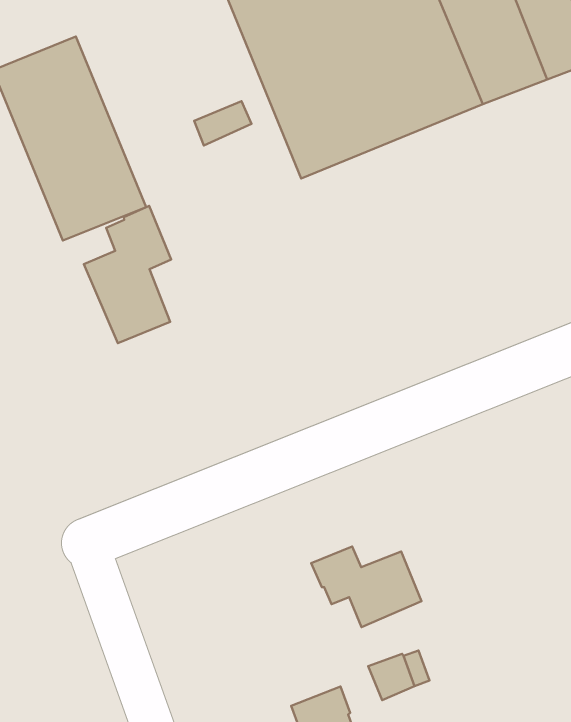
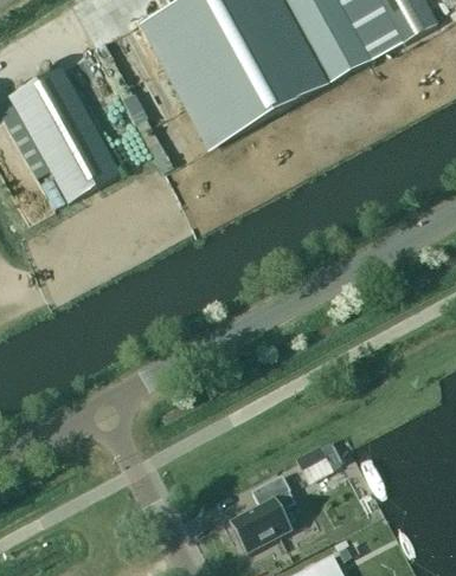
building: [84,206,171,343] -> none
building: [311,546,422,627] -> none

